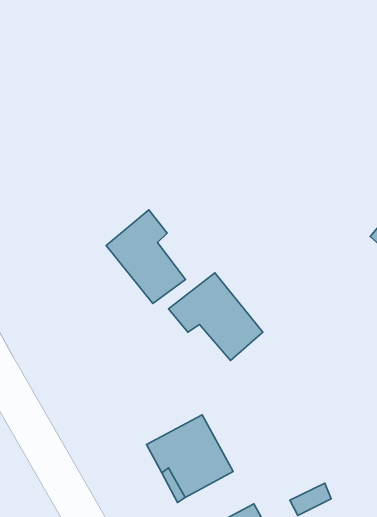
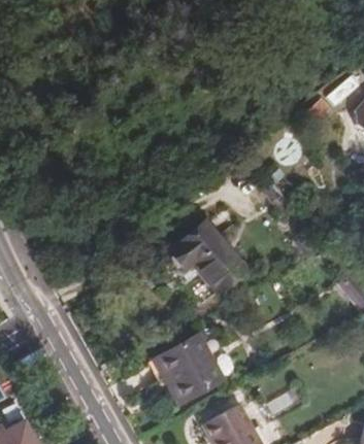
building: [106,210,186,304] -> none

